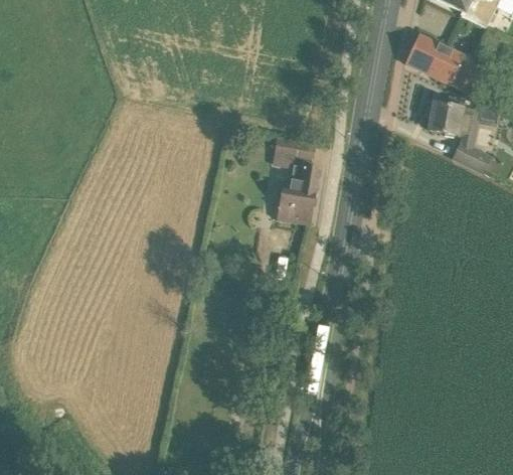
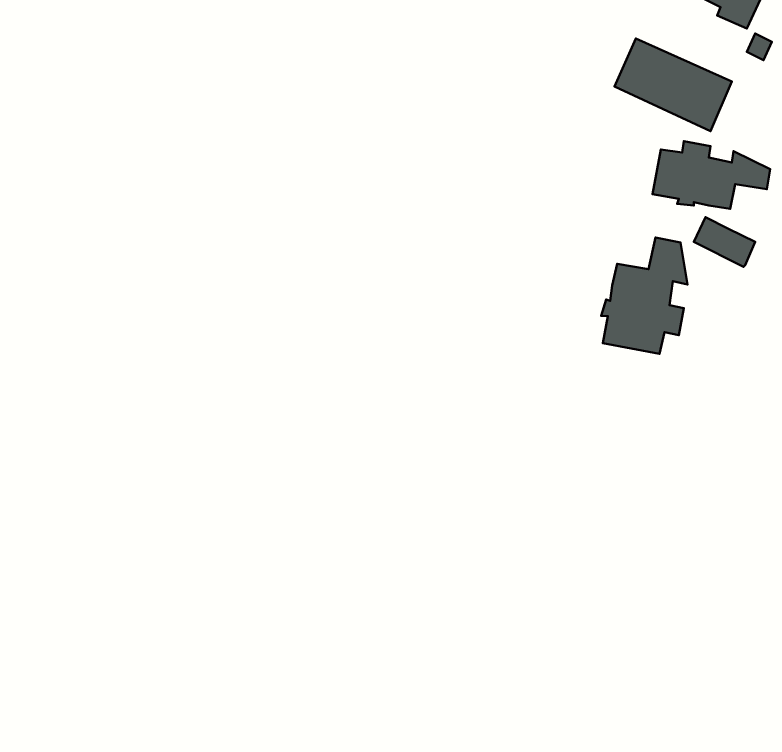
building: [273,138,321,223] -> none
building: none -> [601,238,687,354]

